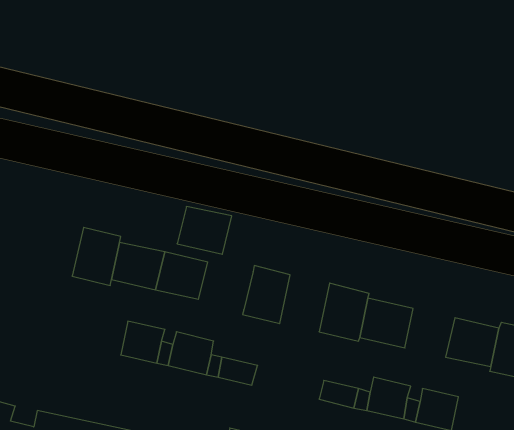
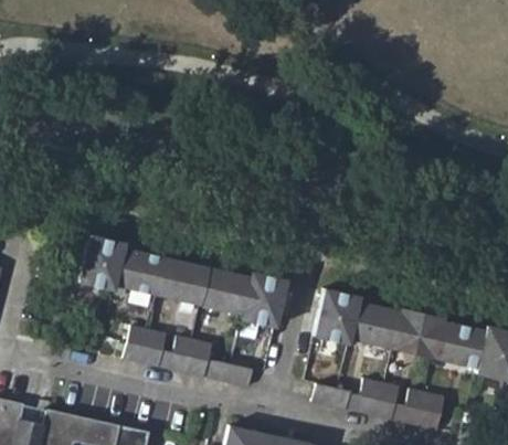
building: [177,207,232,254] -> [199,268,251,314]
building: none -> [395,312,443,359]

